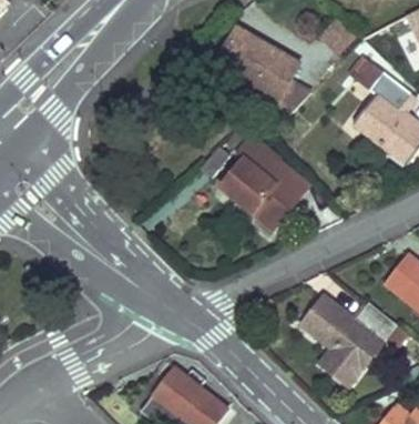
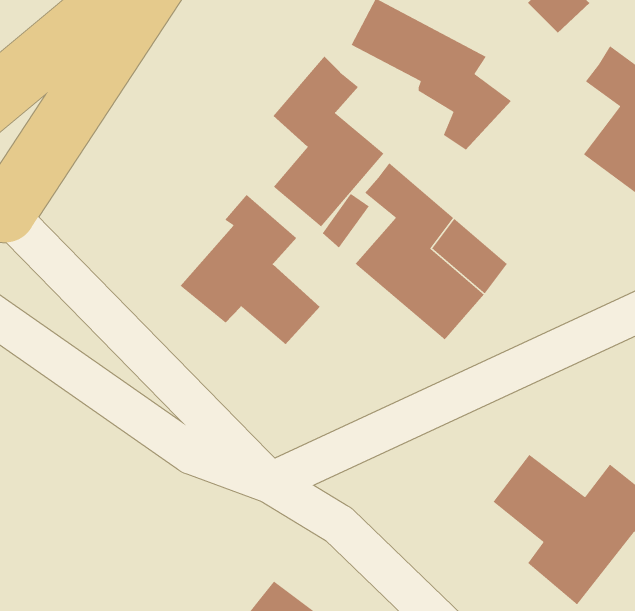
building: none -> [272,56,384,227]
building: none -> [179,194,321,345]

